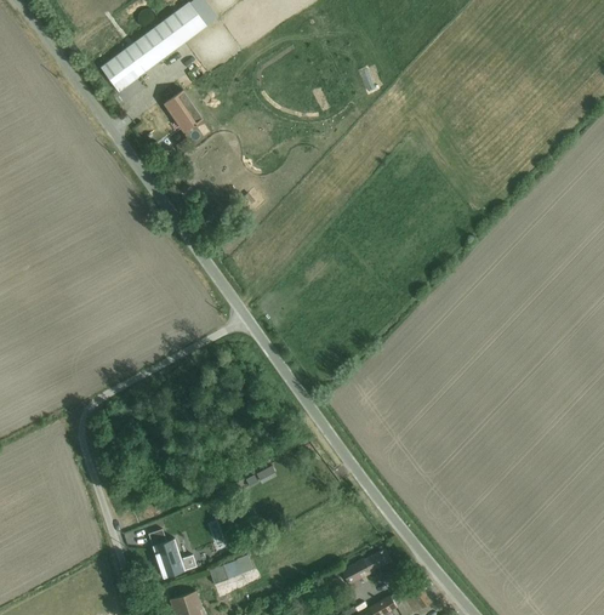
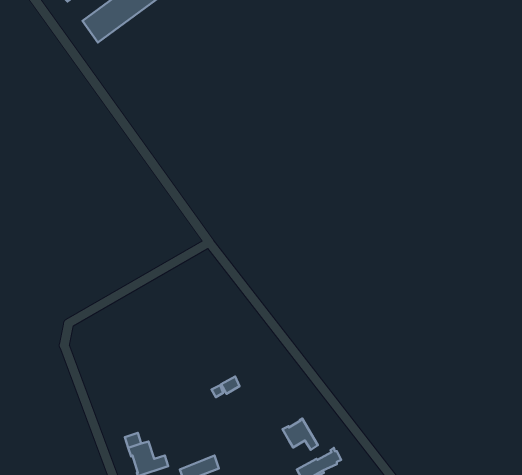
building: [164,91,203,132] -> none
building: none -> [282,418,318,450]

